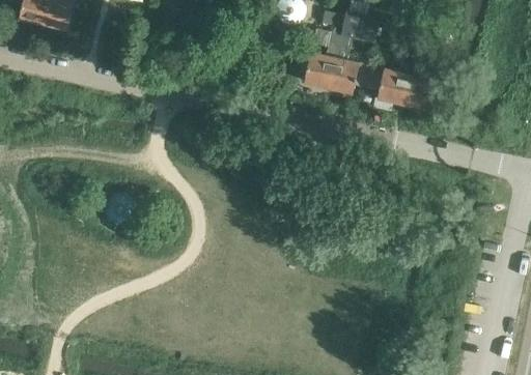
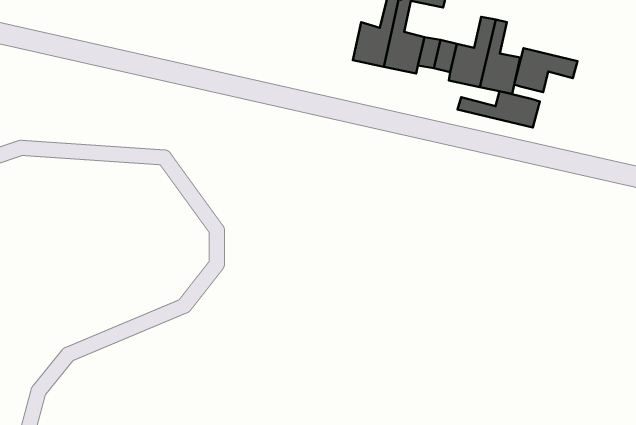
building: none -> [514,48,578,92]
building: none -> [457,91,540,128]

